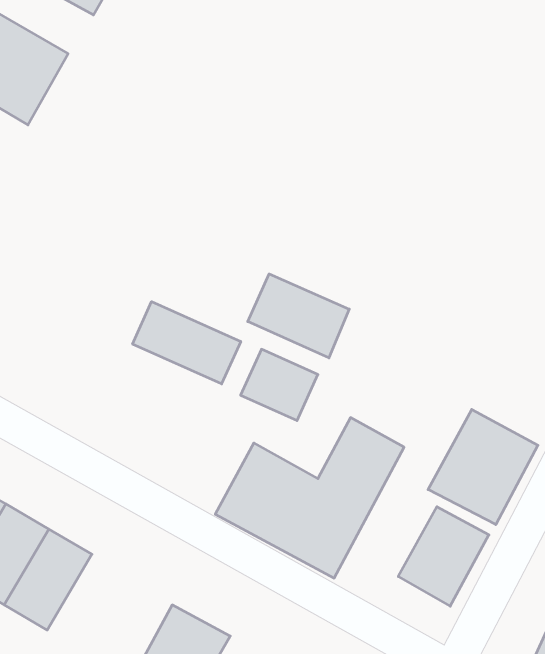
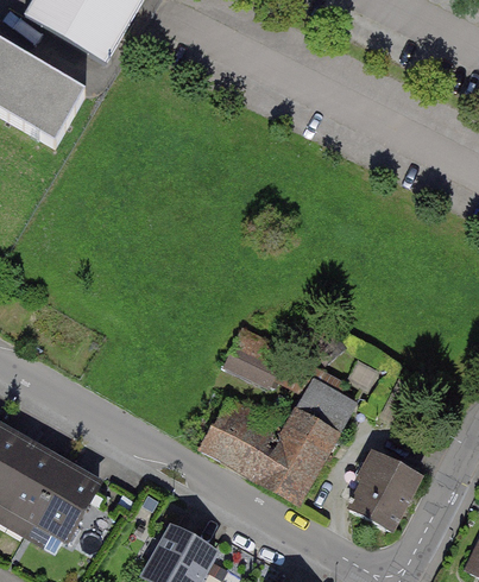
building: [248,274,349,358] -> none
building: [133,302,241,384] -> none
building: [428,409,538,525] -> none

